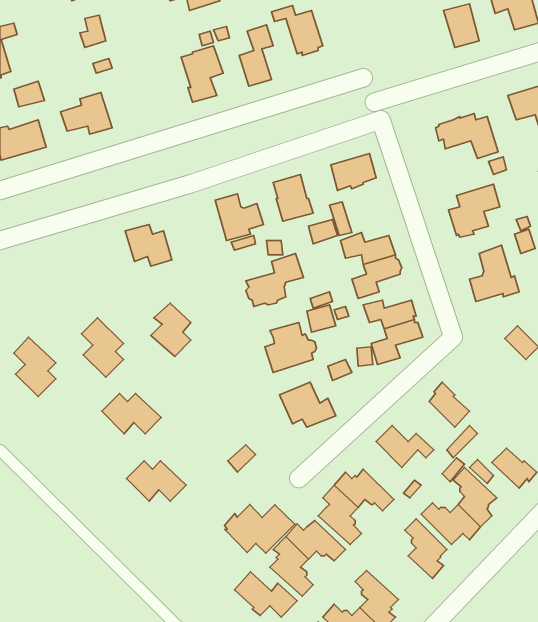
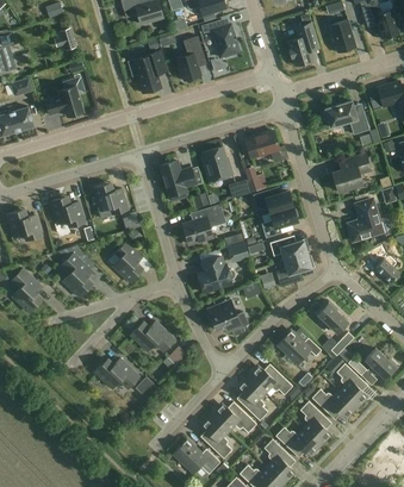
building: none -> [288,23,316,65]
building: none -> [50,196,85,227]
building: none -> [7,210,42,241]
building: [102,394,161,434] -> [130,321,174,351]
building: [225,504,295,553] -> none
building: none -> [275,427,321,457]

